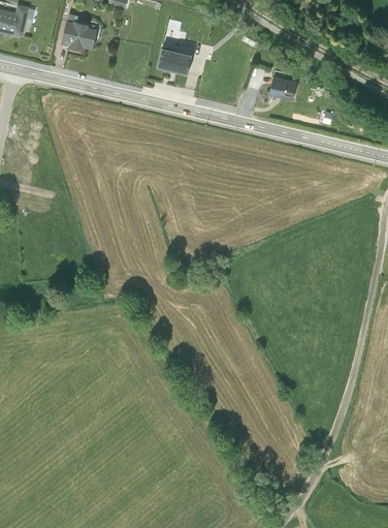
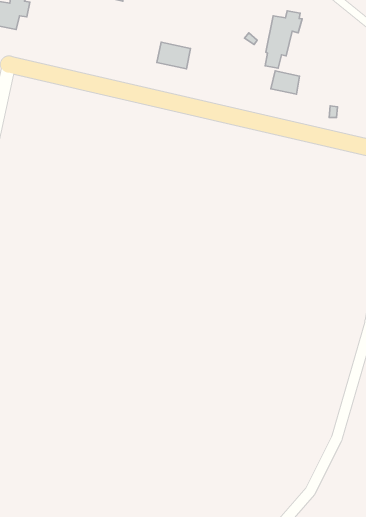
building: none -> [265,11,302,68]
building: [62,19,98,50] -> none

